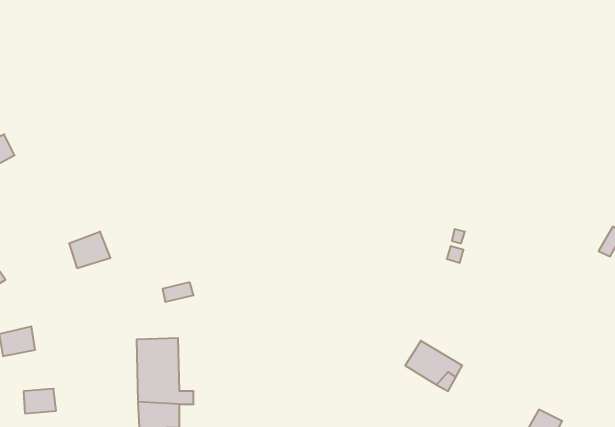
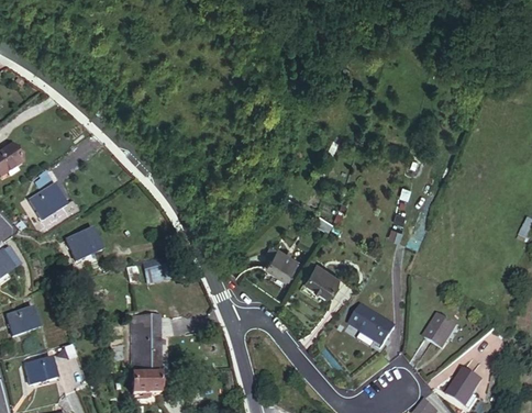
building: none -> [32,181,67,213]
building: none -> [266,253,298,284]
building: none -> [309,269,343,301]
building: none -> [424,315,458,347]

